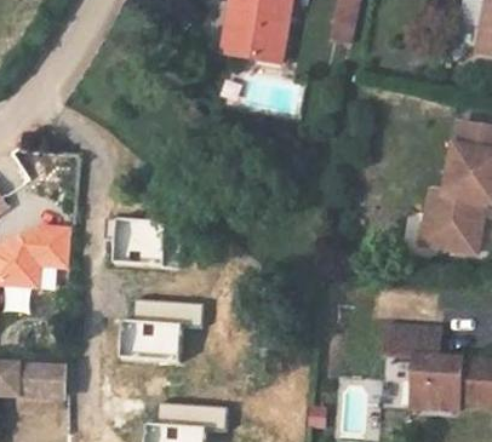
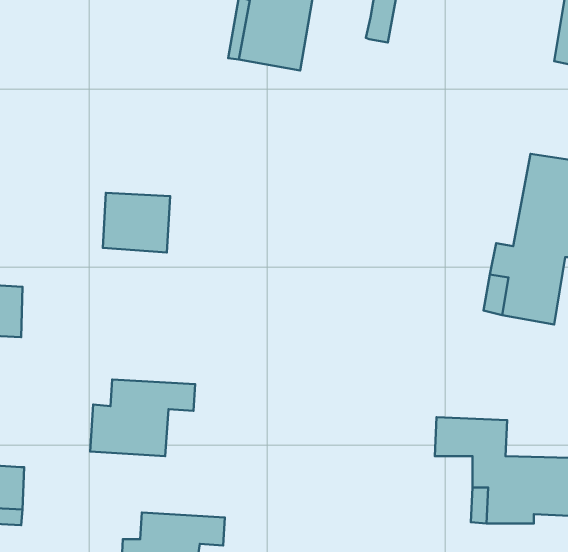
building: [109,217,161,263] -> [103,193,170,252]

